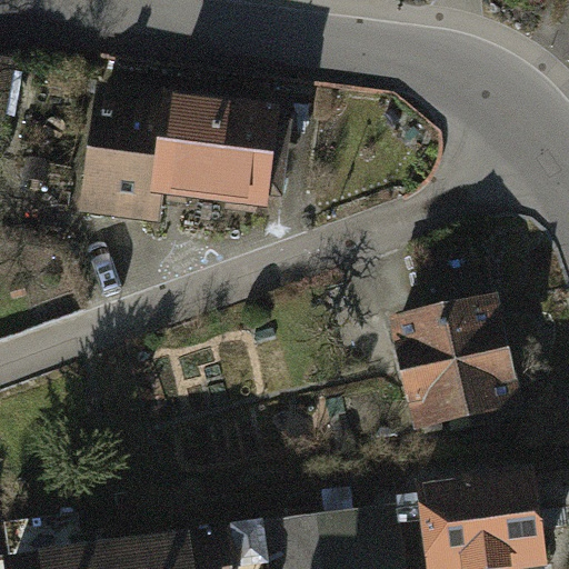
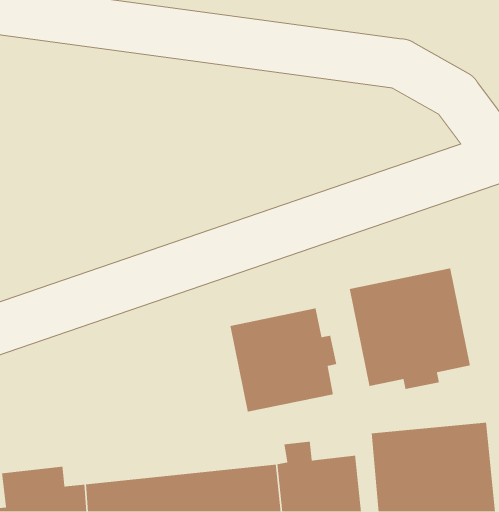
building: [78,87,282,237] -> none
building: none -> [230,308,337,412]

